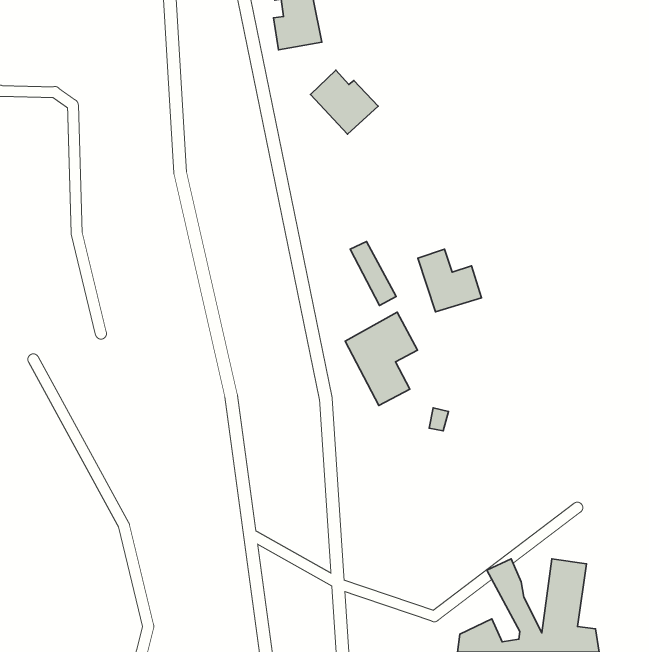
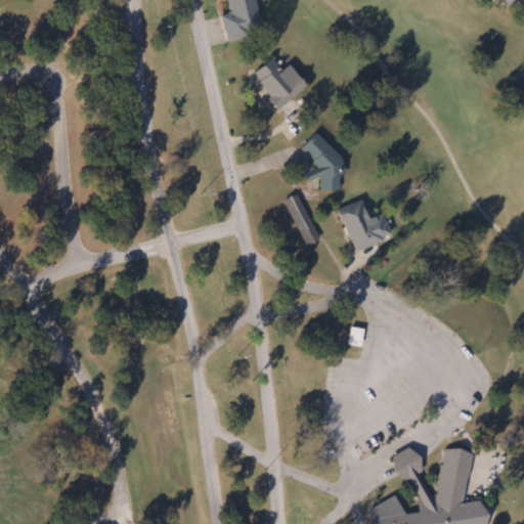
building: none -> [299,132,347,193]
building: [345,312,418,406] -> none

